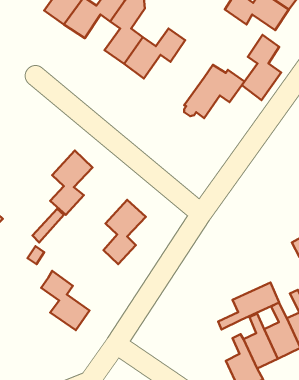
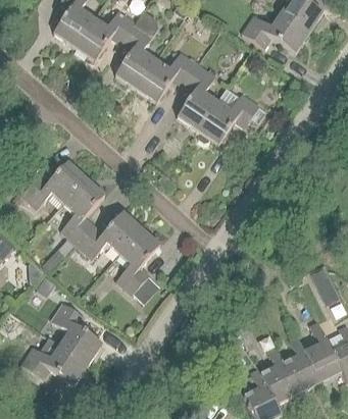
building: [242,35,281,100] -> [179,63,219,130]
building: none -> [20,160,86,208]
building: none -> [77,211,140,258]
building: [218,282,279,329] -> none
building: none -> [20,337,87,384]

